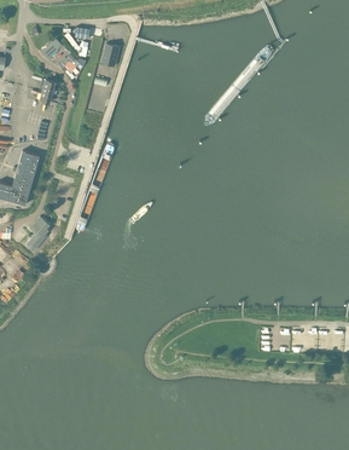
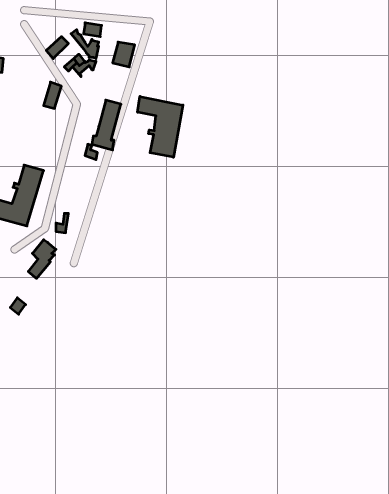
building: none -> [138,96,183,157]

